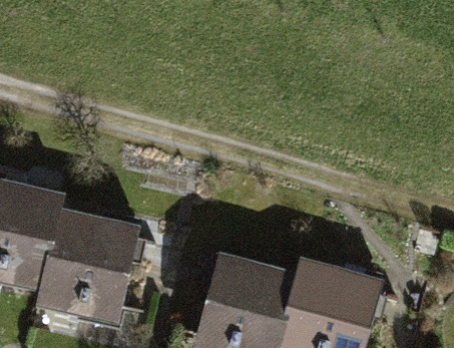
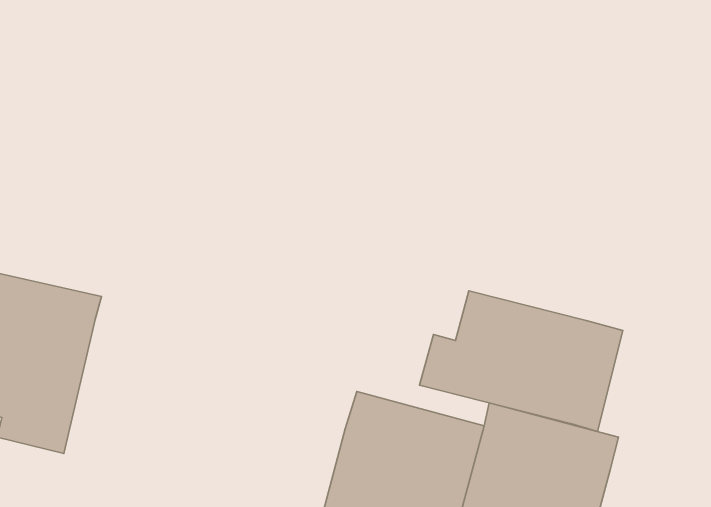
building: none -> [420,291,623,431]
building: [37,210,138,316] -> none

